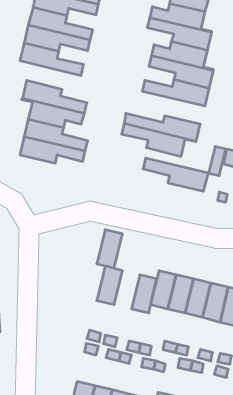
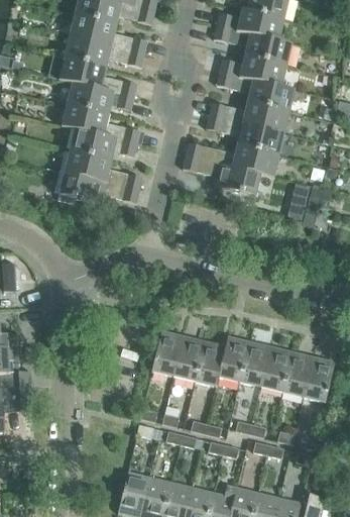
building: none -> [59,80,133,115]
building: [143,158,208,191] -> [205,117,284,158]
building: [97,230,122,268] -> [173,336,205,383]

